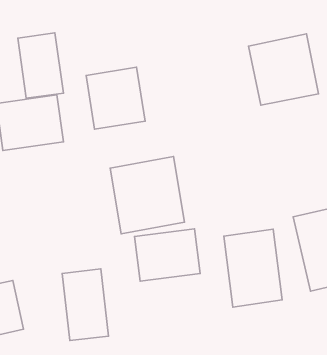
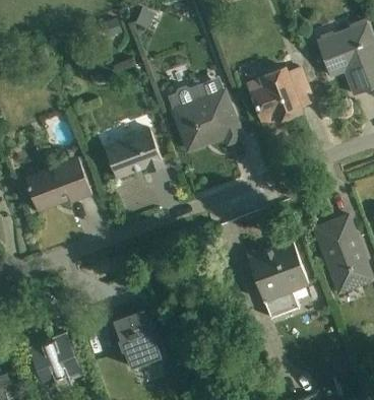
building: [18,33,63,98] -> none
building: [110,157,185,234] -> [167,75,243,153]
building: [134,229,200,281] -> none

